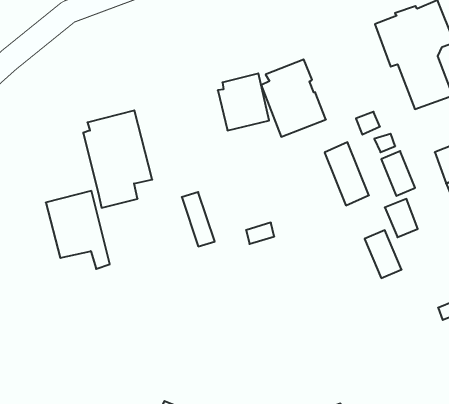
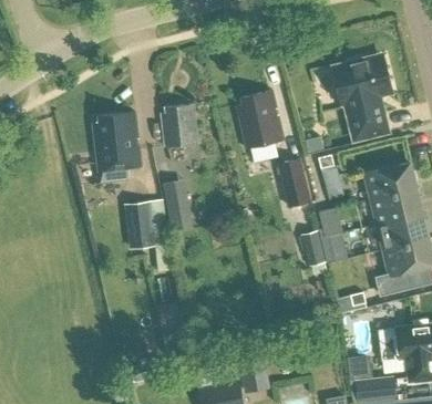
building: [218,73,269,130] -> [161,104,197,145]
building: [46,191,110,269] -> [124,200,167,261]

